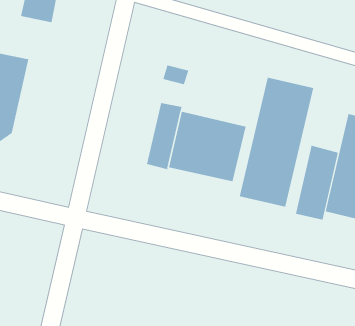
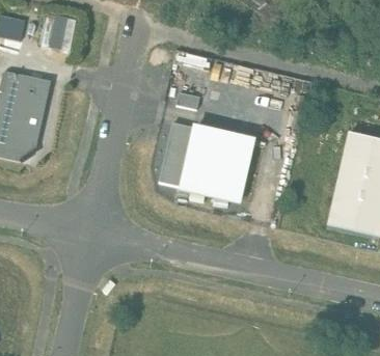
building: [239,77,314,207] -> none
building: [295,145,339,220] -> none

